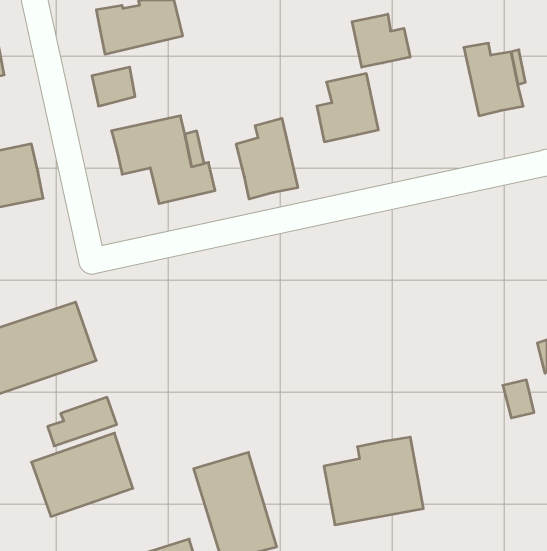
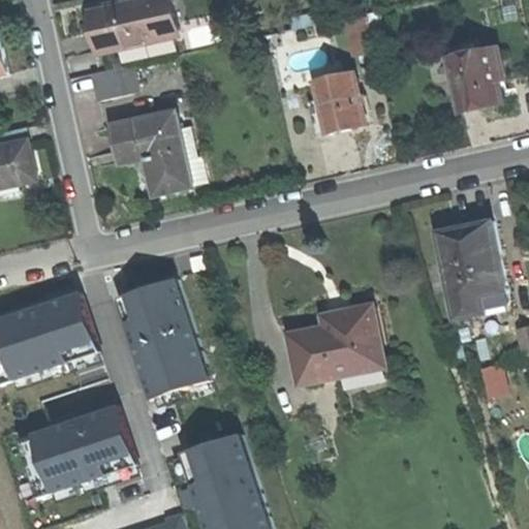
building: [352,14,410,67] -> none
building: [236,118,298,199] -> none
building: none -> [437,221,508,318]
building: none -> [112,271,204,394]
building: [324,437,423,525] -> [288,301,383,384]

